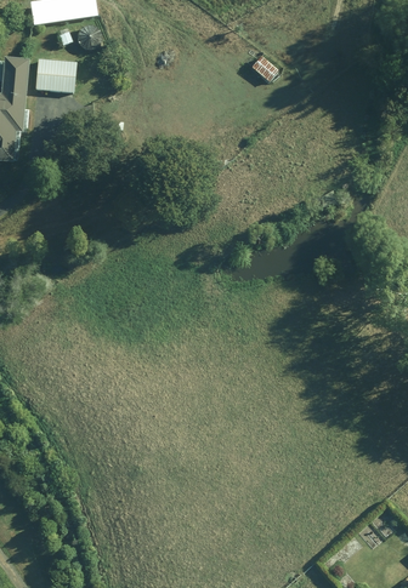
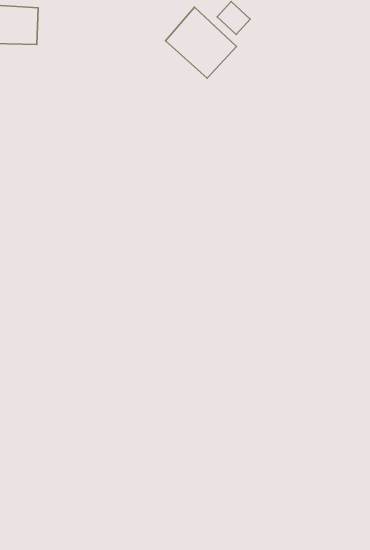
building: none -> [165,7,236,78]

